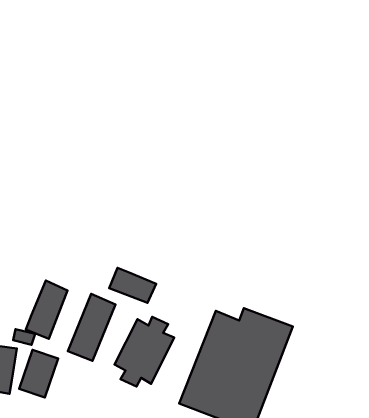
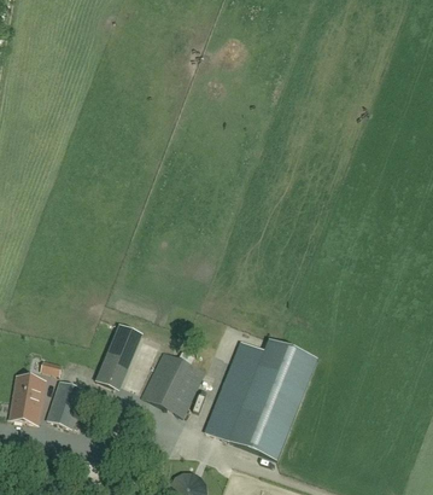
building: [109,268,156,303] -> none
building: [26,280,68,339] -> none

